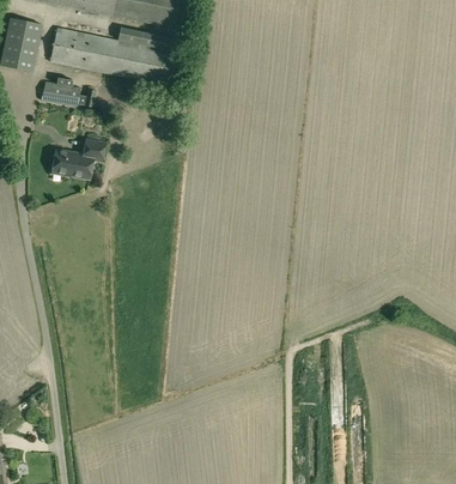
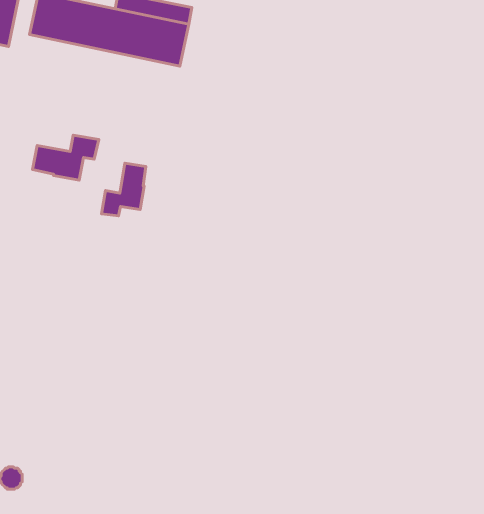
building: [39,77,95,107] -> none
building: none -> [101,163,146,216]

